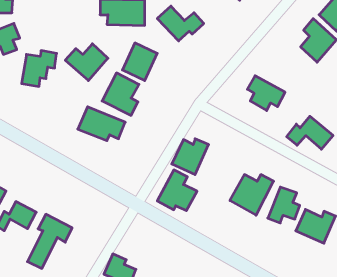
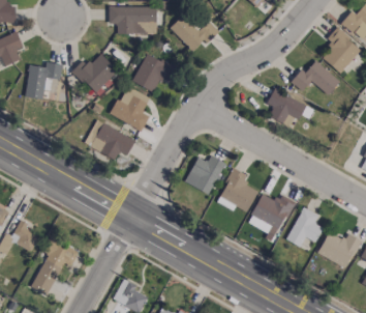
building: [287,116,333,149] -> [291,60,340,95]
building: [157,170,197,211] -> [216,168,258,211]

